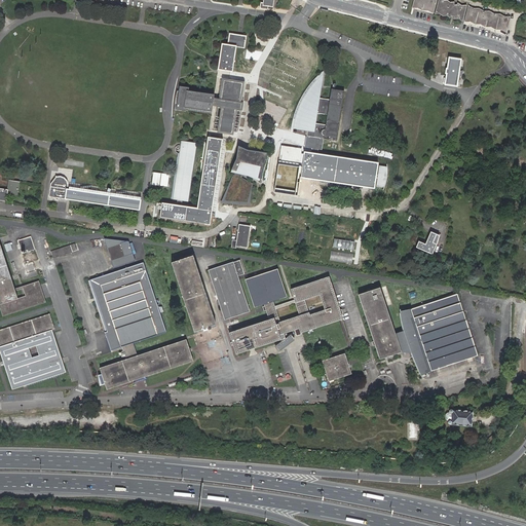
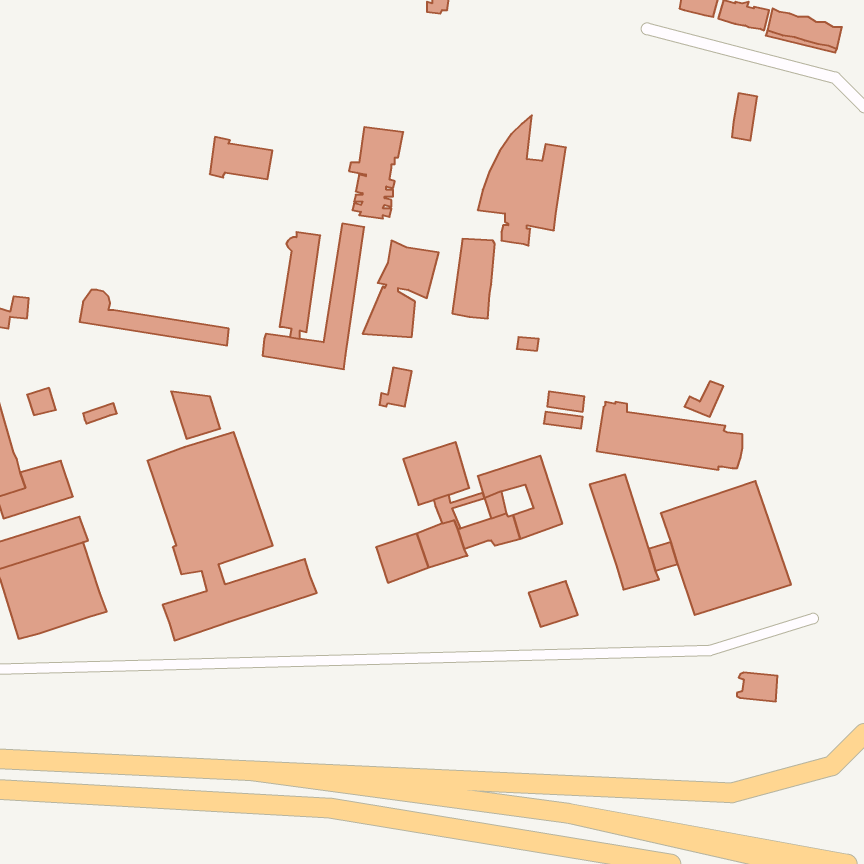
building: [217,33,245,71] -> none
building: [176,85,214,111] -> [210,137,272,179]
building: [299,147,387,188] -> [597,402,742,470]
building: [172,255,214,330] -> none
building: [208,261,249,317] -> none

